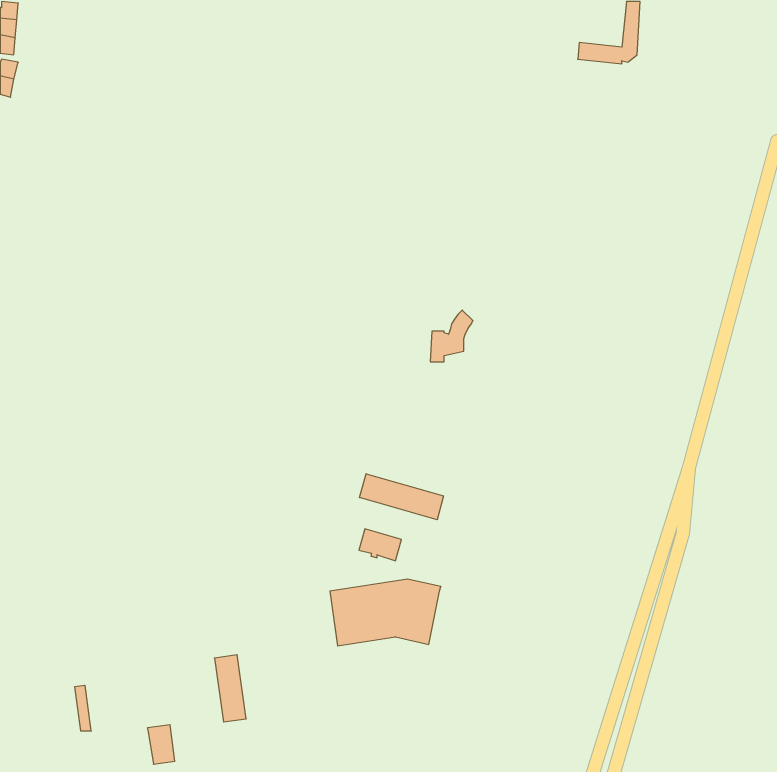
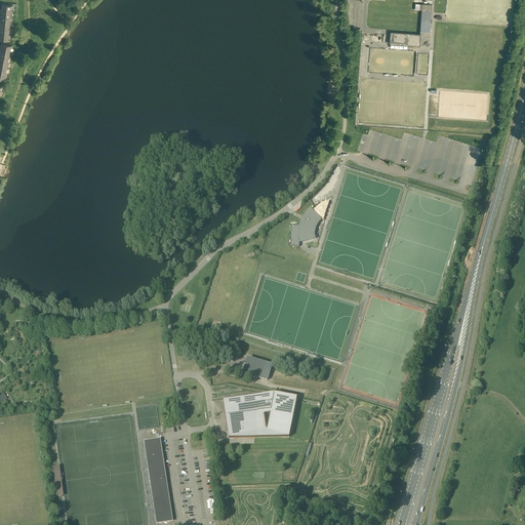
building: [359,474,444,520] -> none
building: [147,725,175,764] -> [152,489,170,516]

